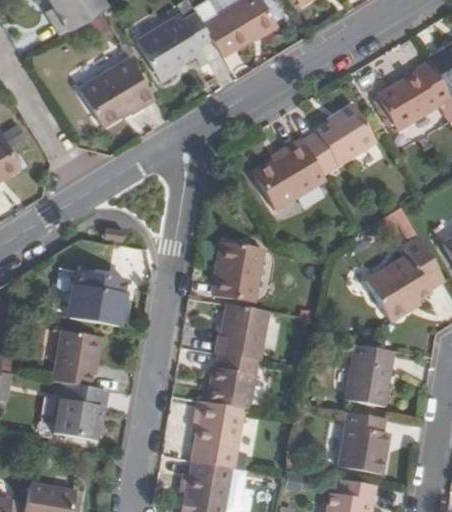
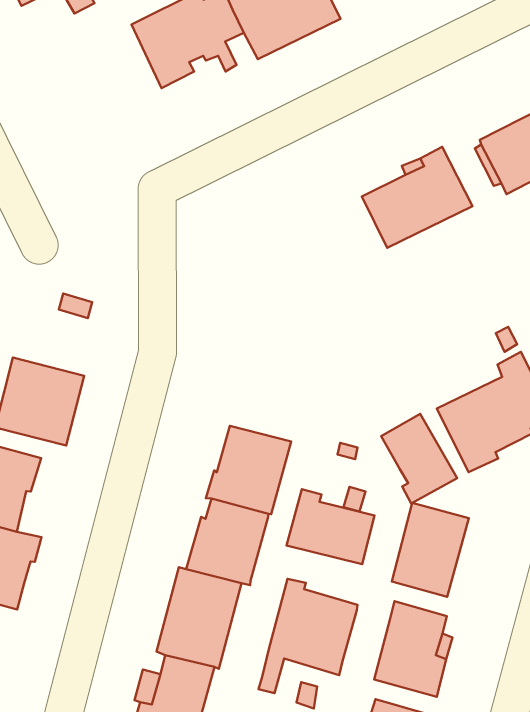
building: [80,57,155,125] -> none
building: [252,140,324,210] -> none
building: [215,242,263,303] -> none
building: none -> [381,414,457,503]
building: none -> [286,489,375,564]
building: none -> [258,579,358,693]

